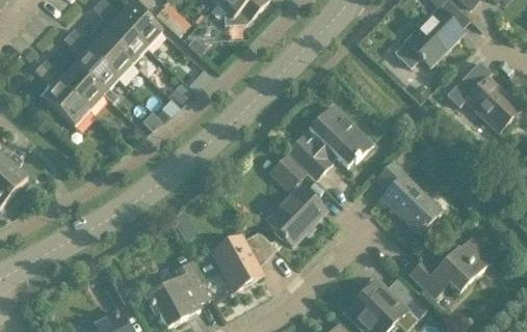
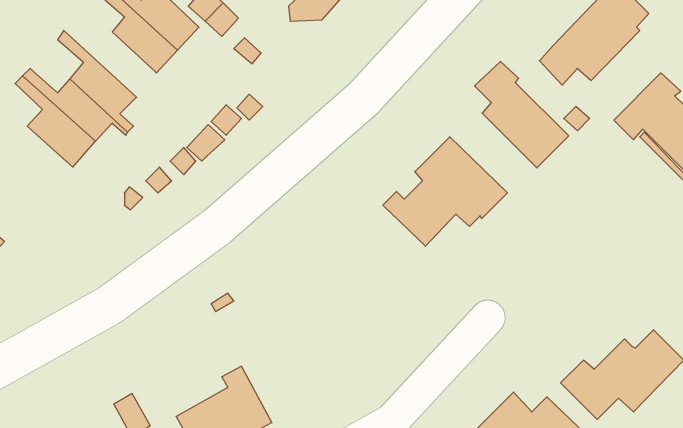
building: [70,26,133,78] -> none
building: [267,154,326,245] -> none
building: [376,160,441,232] -> [475,61,569,168]
building: [213,230,276,289] -> none

